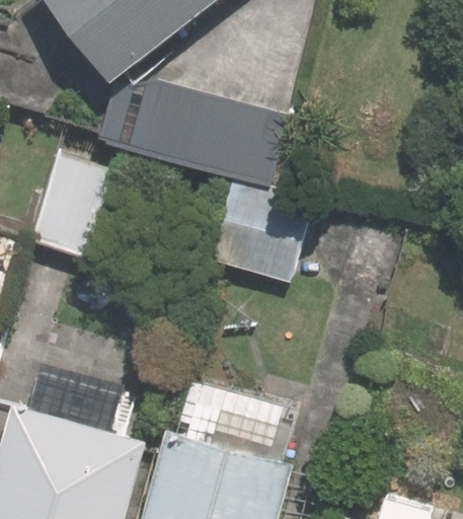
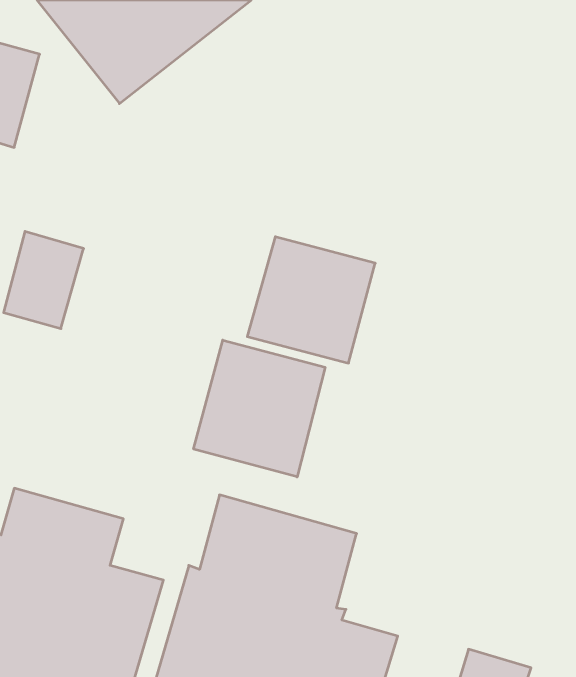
building: [91,80,284,179] -> none
building: none -> [194,340,325,477]

